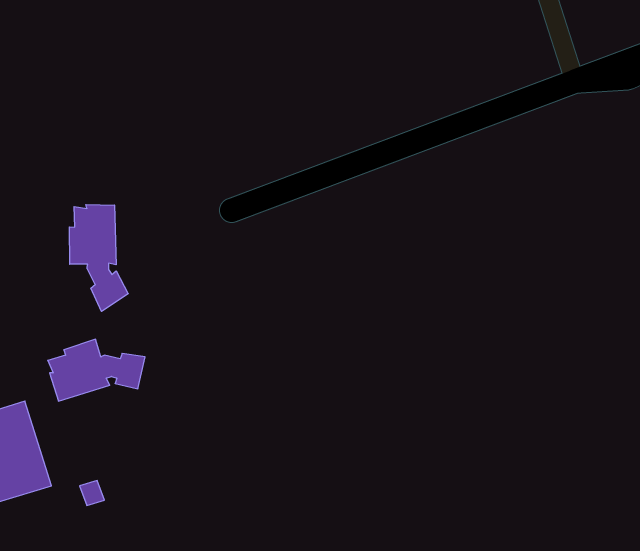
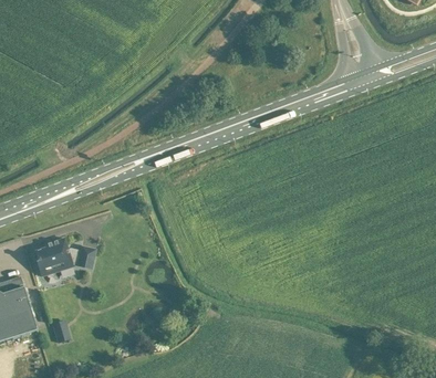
building: [69,205,128,311] -> none

